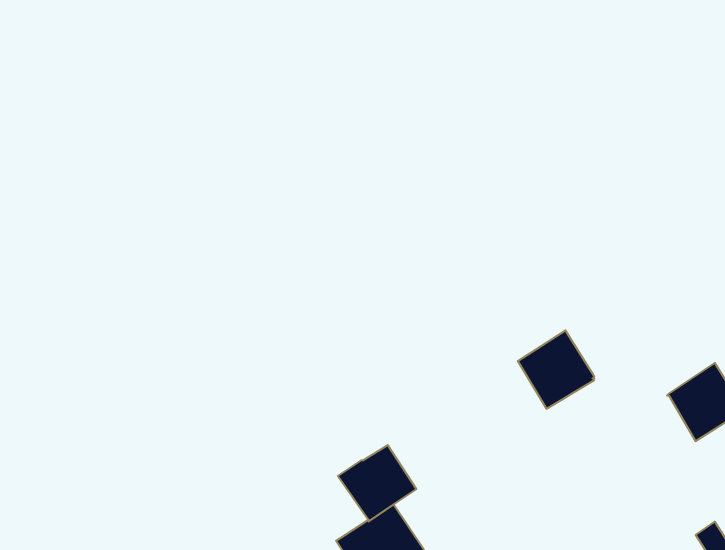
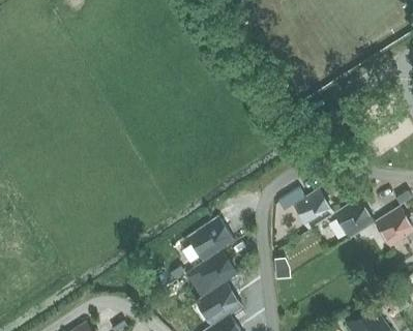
building: none -> [333,198,375,239]
building: none -> [187,217,235,262]

